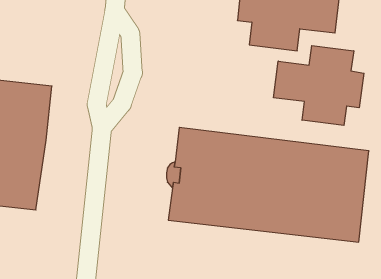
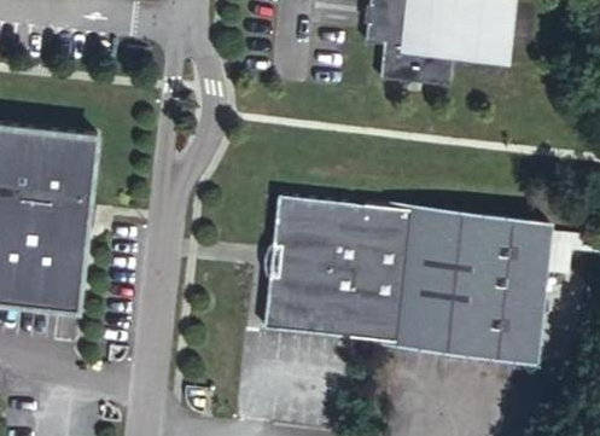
building: [274,46,364,125] -> none

